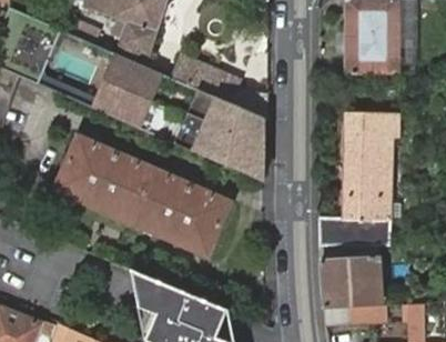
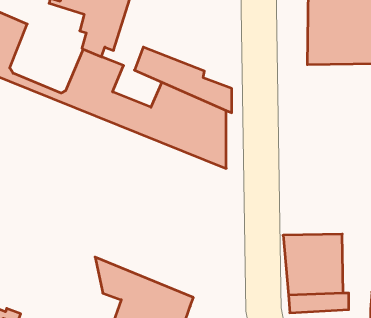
building: [320,110,399,245] -> none
building: [54,140,226,252] -> none

